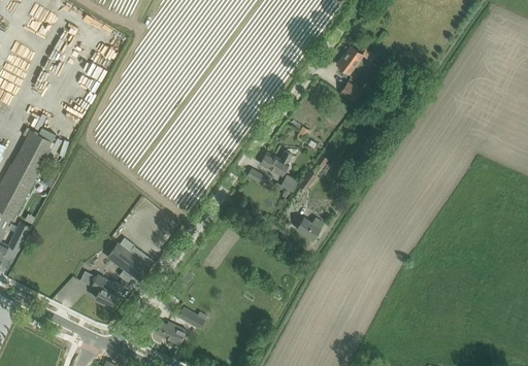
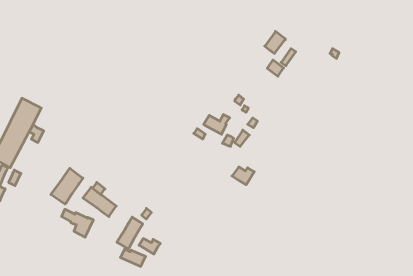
building: none -> [51,168,83,204]
building: none -> [117,217,143,249]

